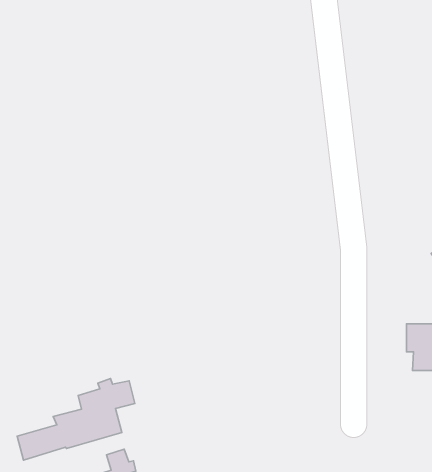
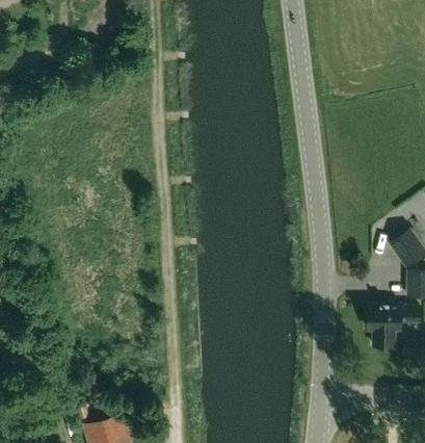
building: [17,379,135,460] -> none

